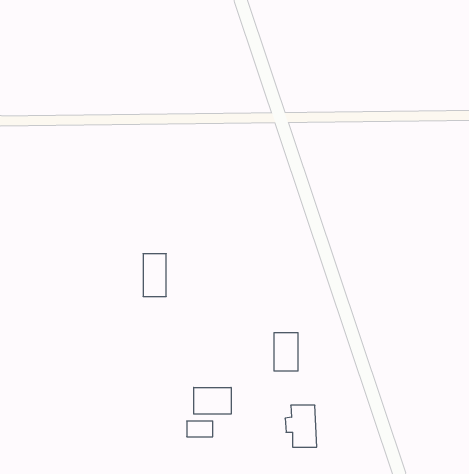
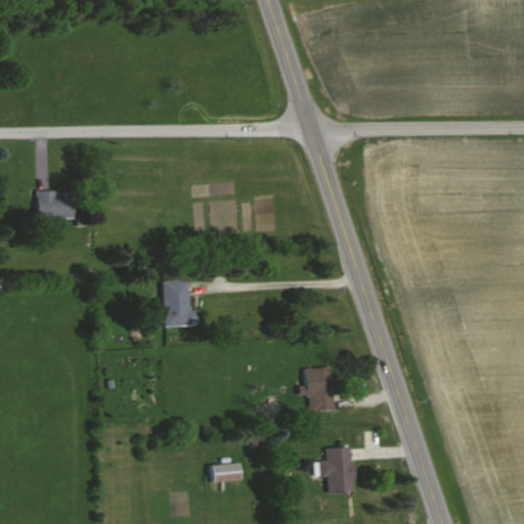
building: none -> [38,191,75,219]
building: [194,387,231,414] -> none

